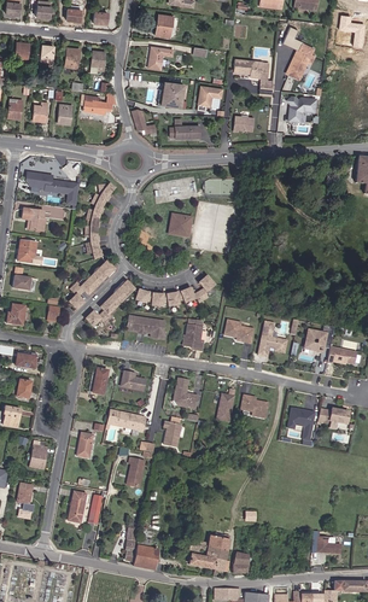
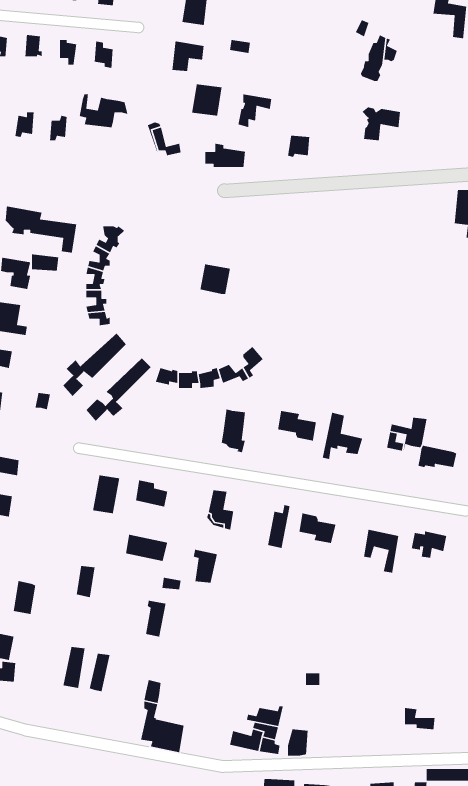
building: [232,60,270,94] -> none
building: [127,315,165,339] -> none

